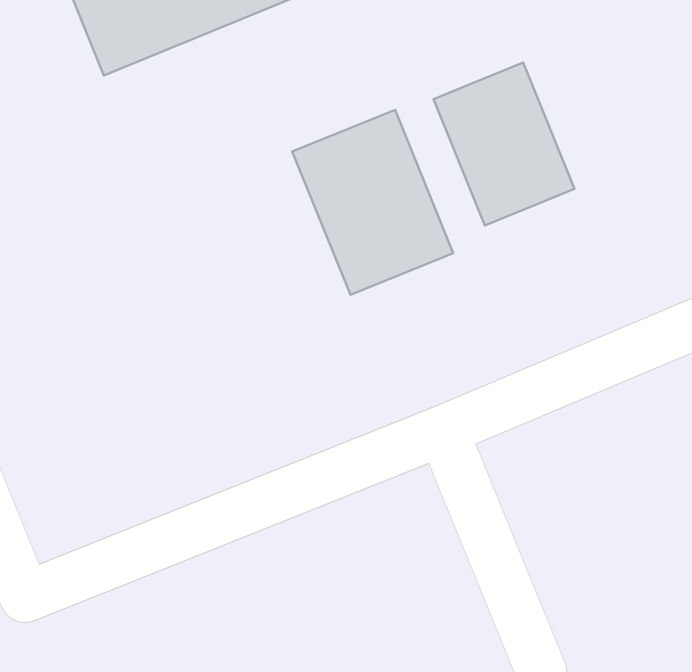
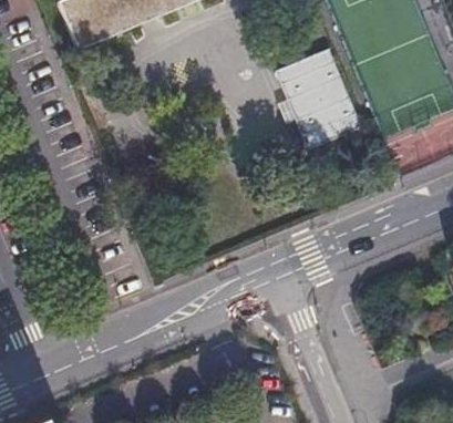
building: [292,110,453,295] -> none

